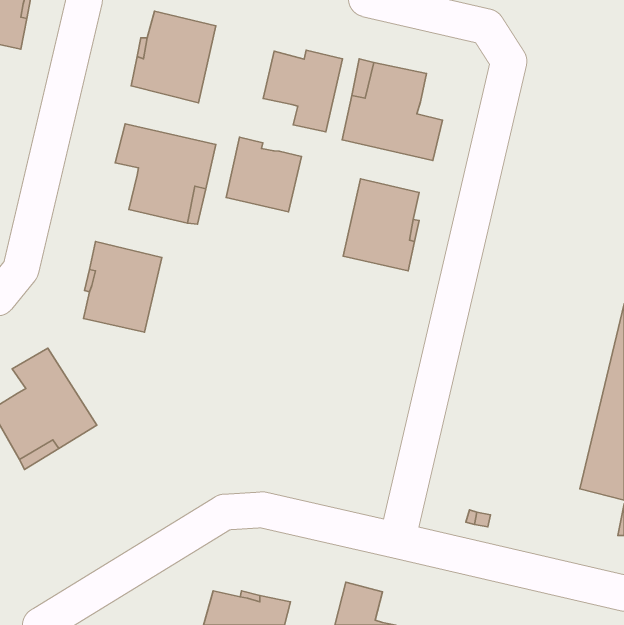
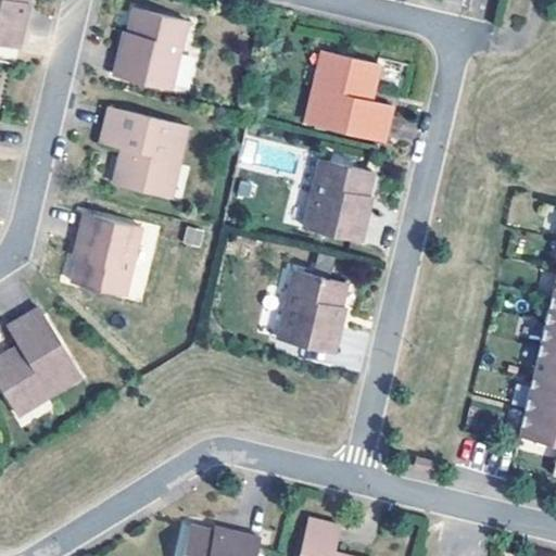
building: [263,50,343,132] -> none
building: [226,137,302,212] -> none
building: none -> [277,269,346,352]

